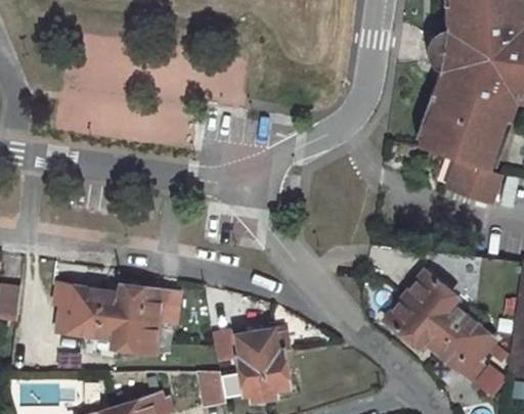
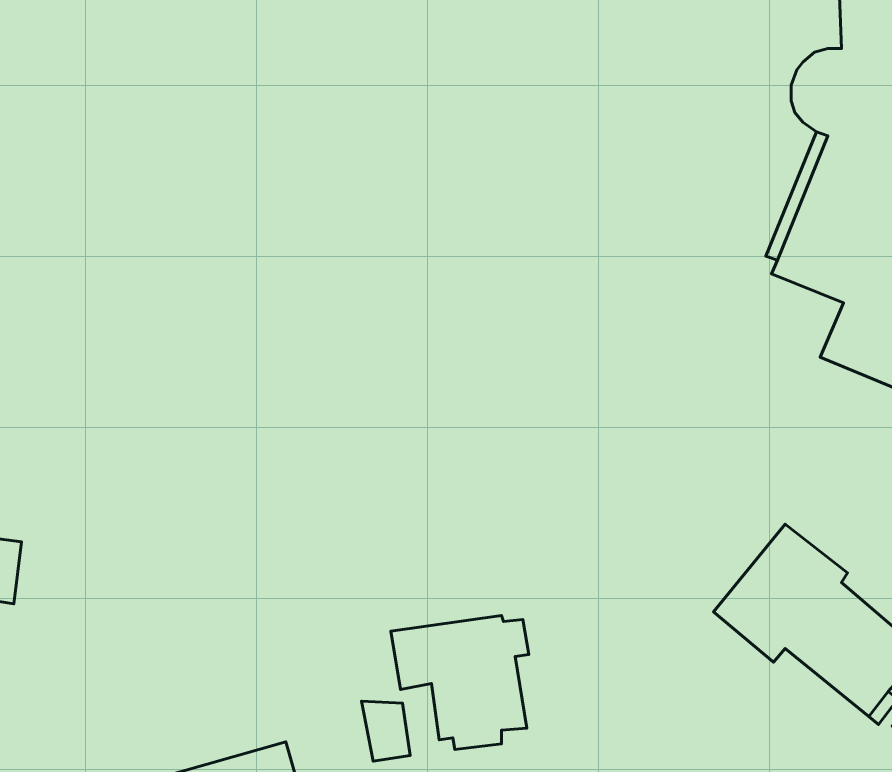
building: [58,283,180,351] -> none

